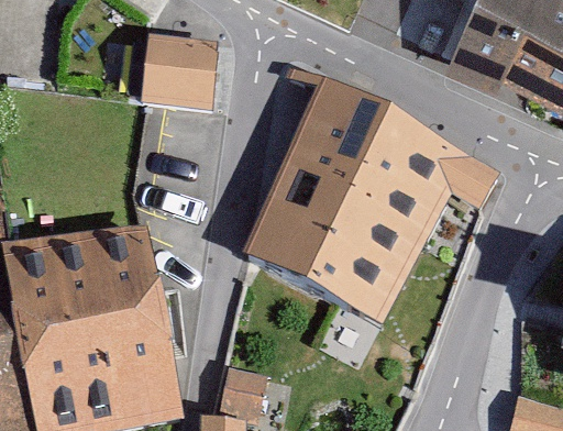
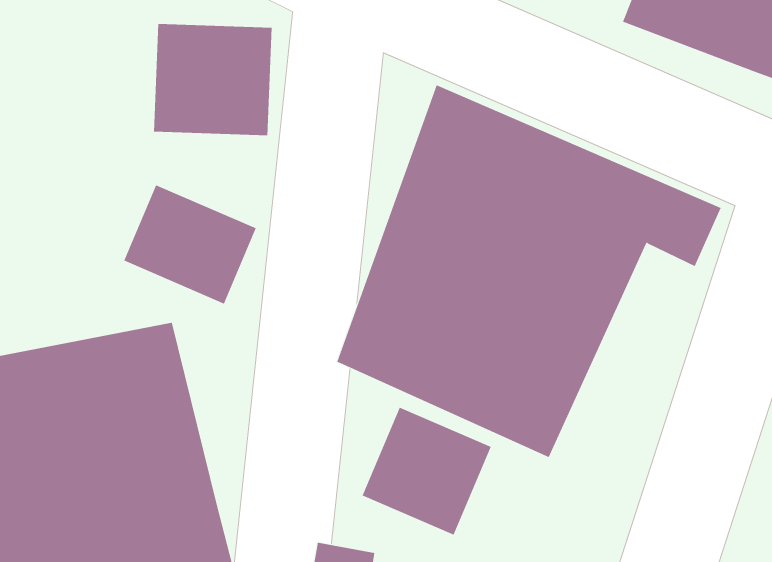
building: none -> [123,184,256,304]
building: none -> [362,407,492,535]

